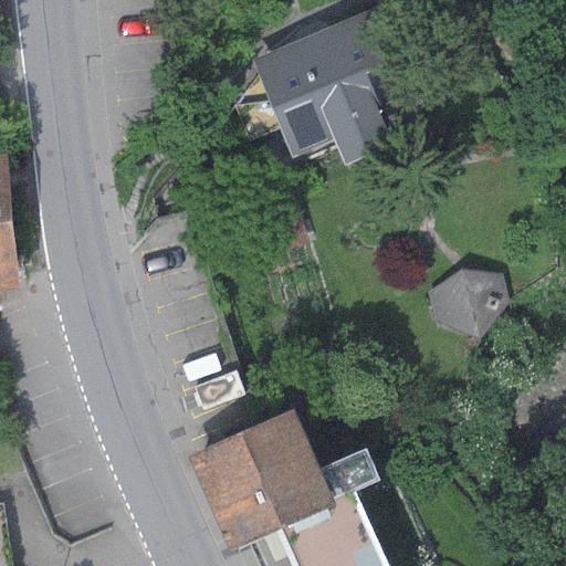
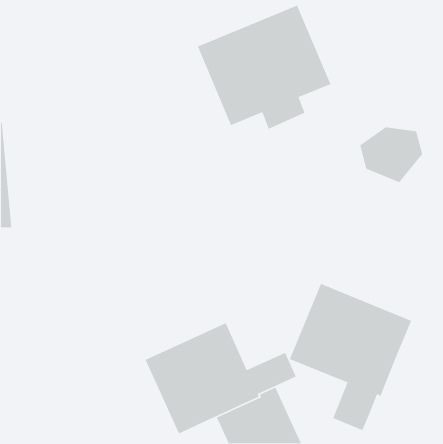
building: [430,268,511,339] -> [360,126,423,183]
building: none -> [289,283,412,431]

